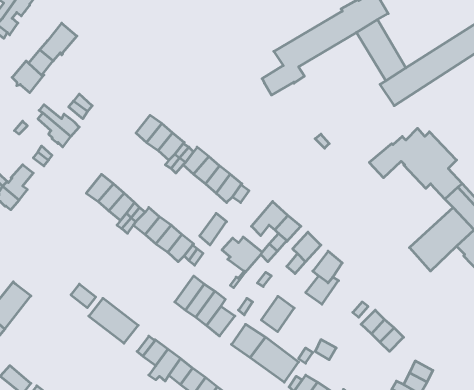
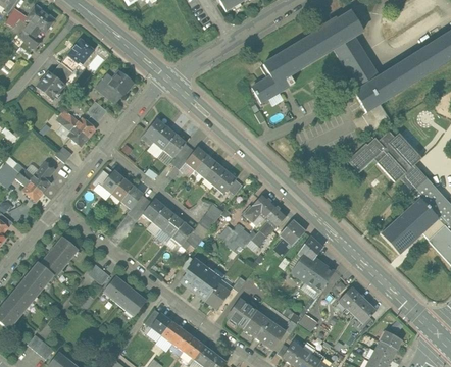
building: none -> [95,70,133,104]
building: none -> [40,237,78,276]
building: [261,296,294,332] -> [305,261,334,292]

